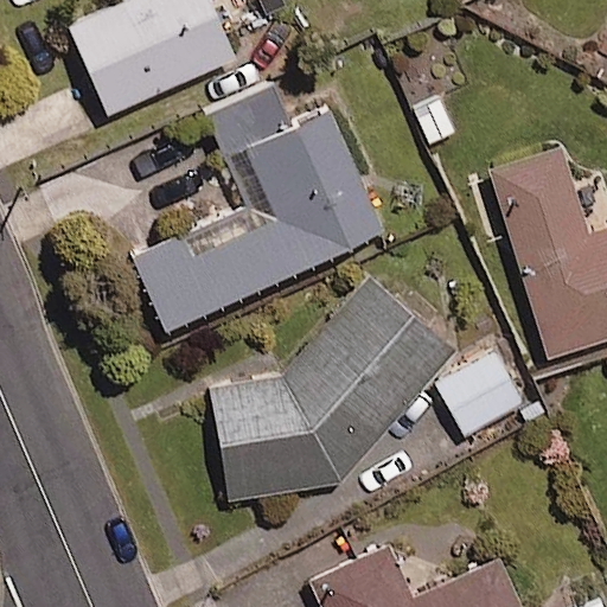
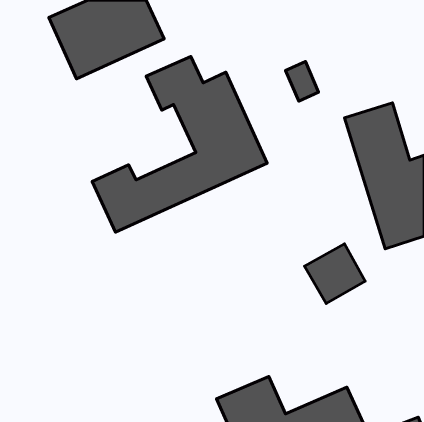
building: [210,276,458,501] -> none

